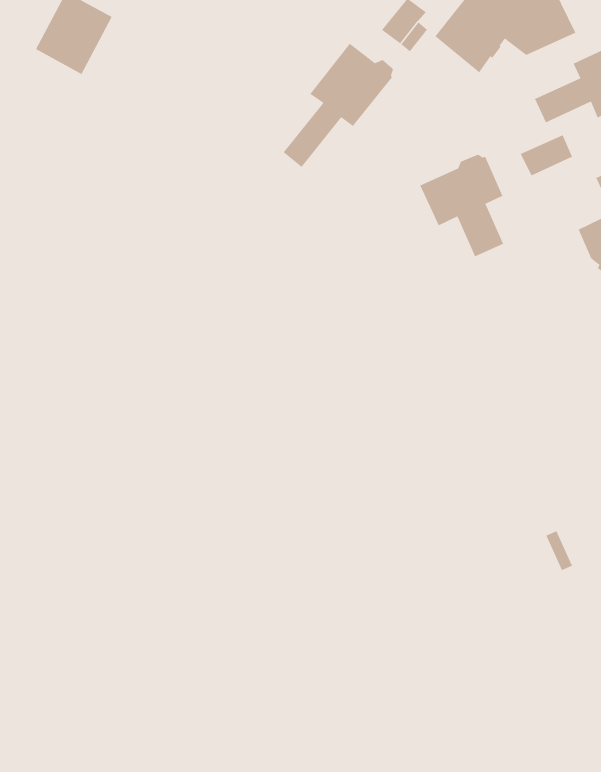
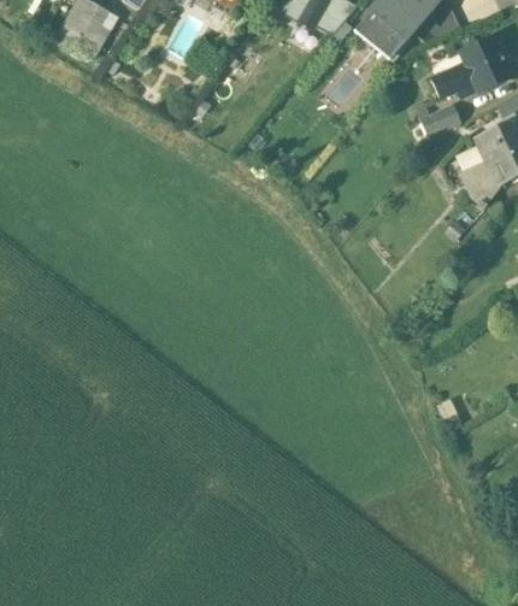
building: [283,43,394,168] -> none
building: [419,154,504,257] -> none

